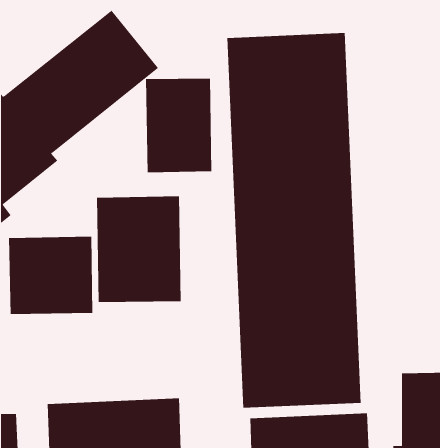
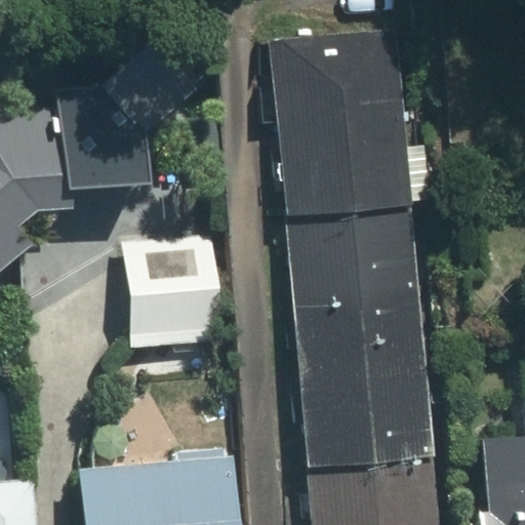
building: [146,78,212,173] -> none
building: [8,236,93,315] -> none

